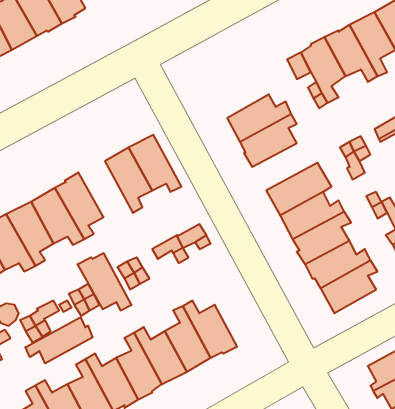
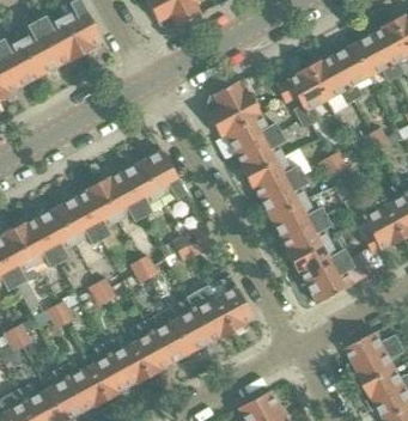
building: none -> [207,80,261,136]
building: none -> [246,157,303,197]
building: [77,253,132,310] -> [97,172,144,221]
building: none -> [214,273,254,331]
building: [25,317,93,363] -> none

